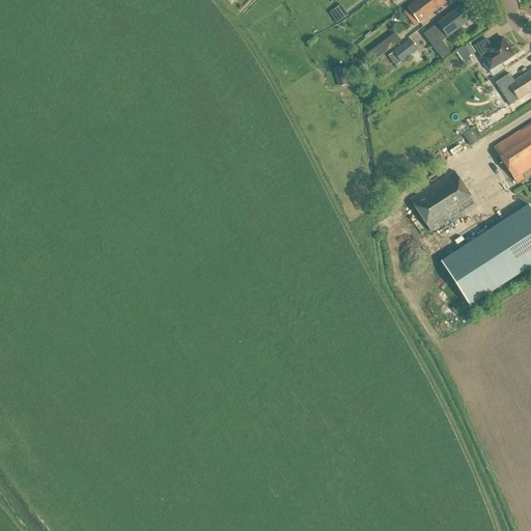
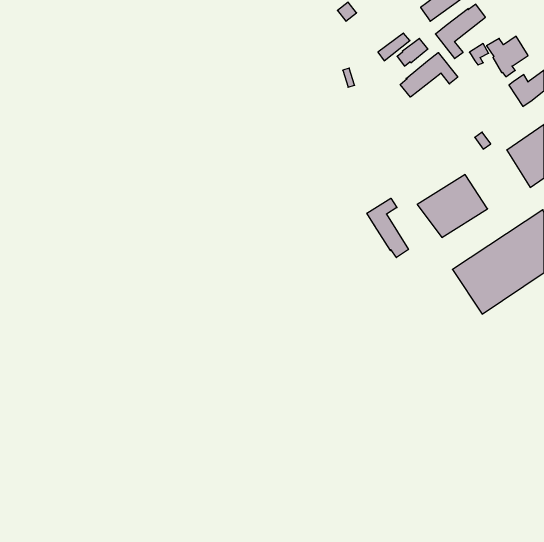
building: none -> [400,53,458,97]
building: none -> [367,198,408,258]

